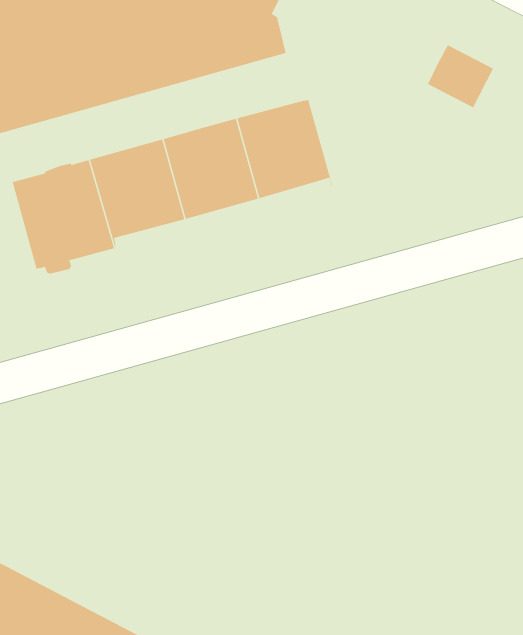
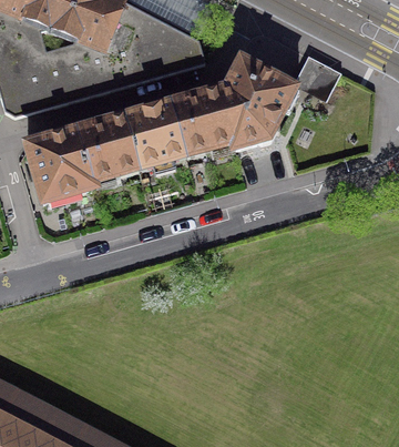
building: none -> [219,59,295,145]

